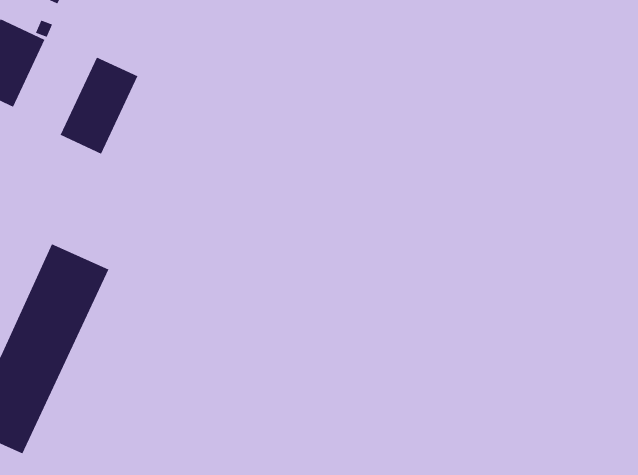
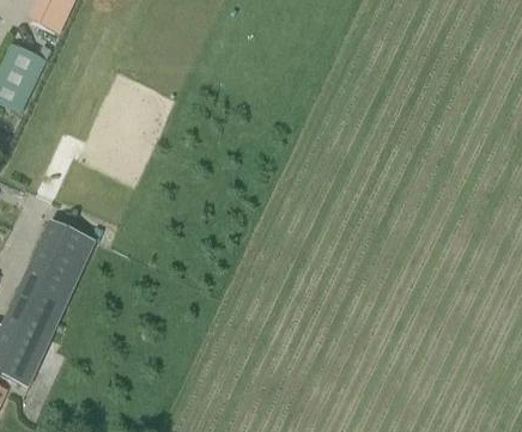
building: [60,56,138,155] -> none

